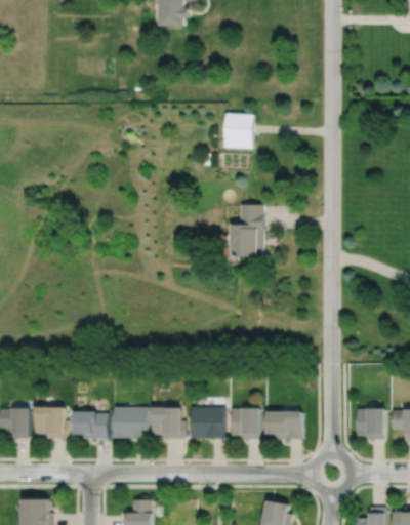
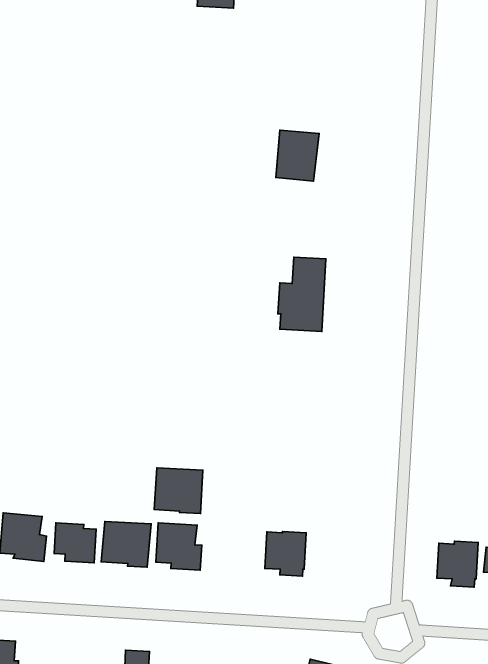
building: [190,407,223,439] -> [154,468,203,514]
building: [266,410,301,439] -> none

